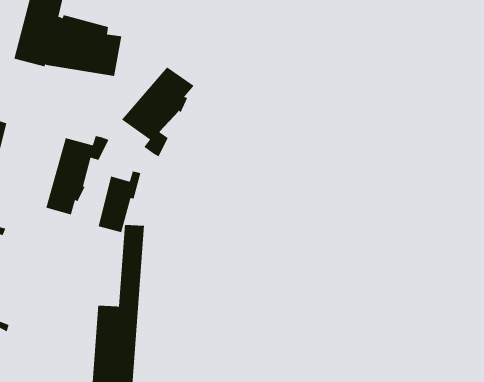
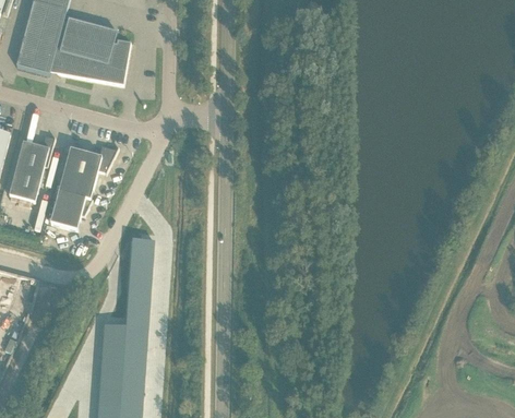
building: [121,67,194,160] -> none
building: [98,171,141,233] -> [9,135,55,201]

